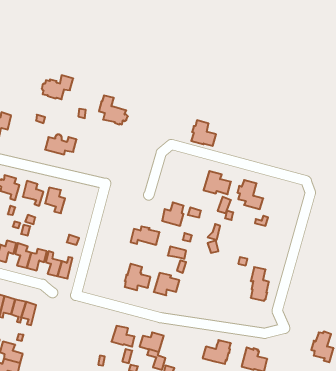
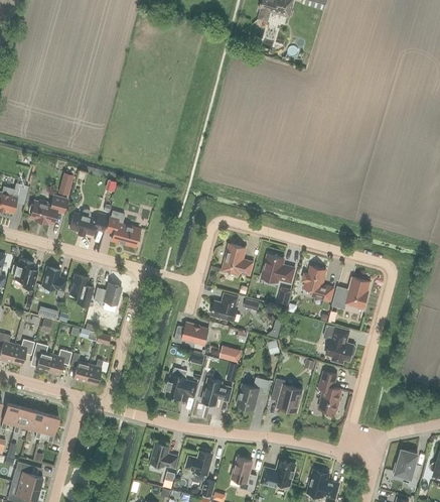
building: [42,75,73,99] -> [28,195,66,224]
building: [99,95,128,124] -> [106,211,141,246]
building: [191,120,216,146] -> [223,244,253,275]
building: none -> [331,277,370,308]
building: none -> [93,283,121,304]
building: none -> [323,325,355,362]
building: none -> [236,376,269,409]
building: none -> [270,378,302,411]
building: none -> [231,457,256,491]

